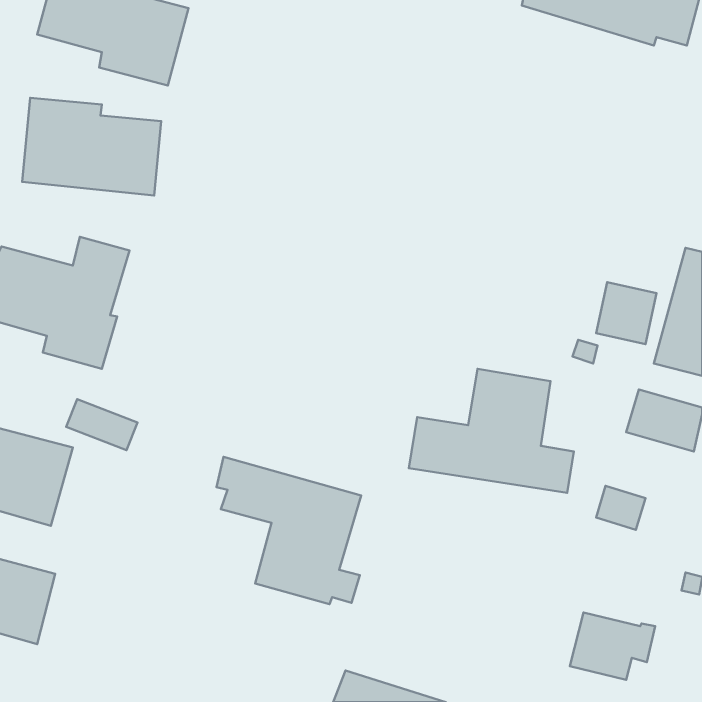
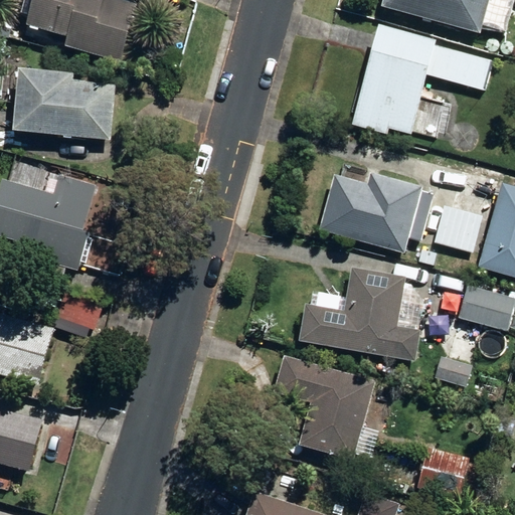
building: none -> [352,24,492,134]
building: none -> [318,172,434,253]
building: [217,457,361,604] -> [270,352,375,460]

